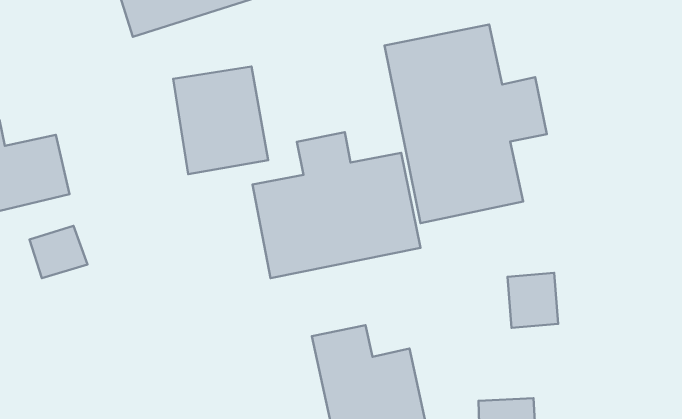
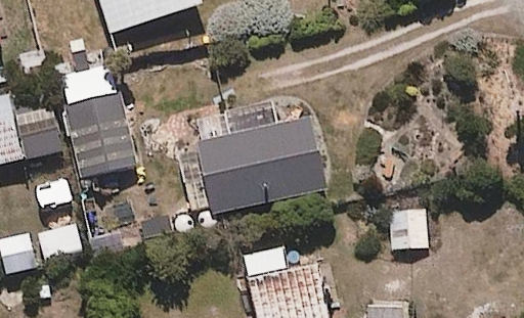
building: [385,25,547,223] -> none
building: [173,67,268,174] -> [68,96,138,176]

